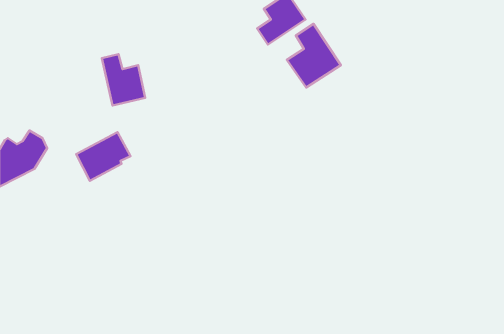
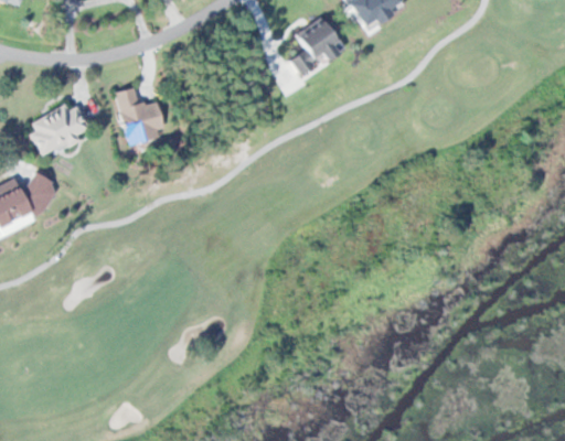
building: [287,24,341,88] -> none
building: [76,132,130,181] -> [25,100,86,154]

